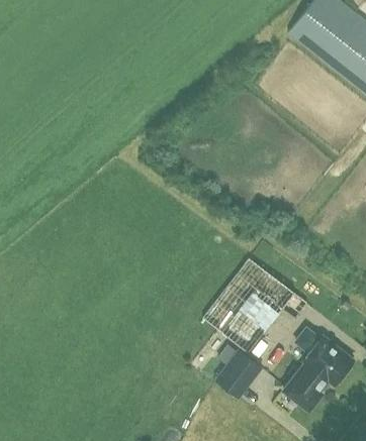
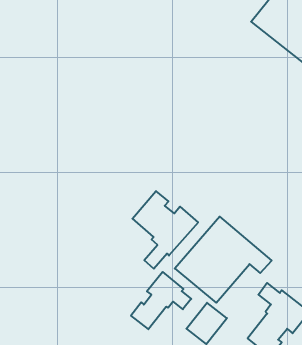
building: none -> [132,191,198,269]
building: none -> [131,272,191,329]

